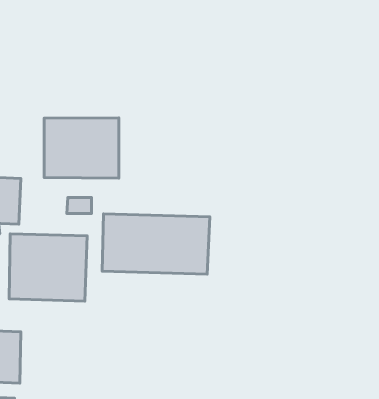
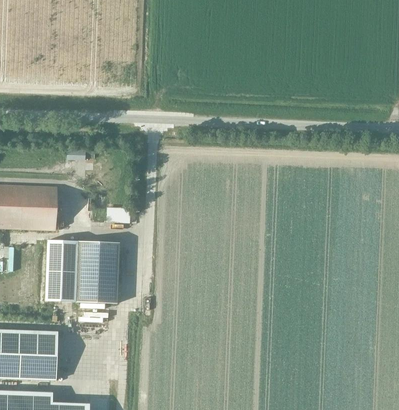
building: [44,118,119,178] -> none
building: [102,214,210,274] -> none

